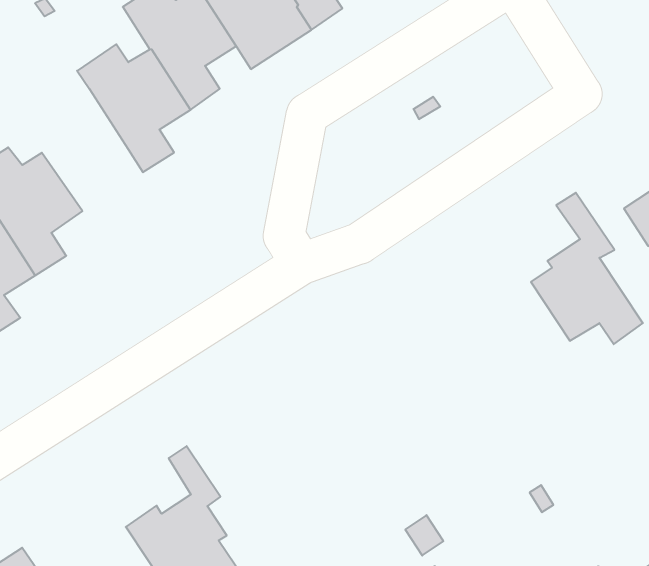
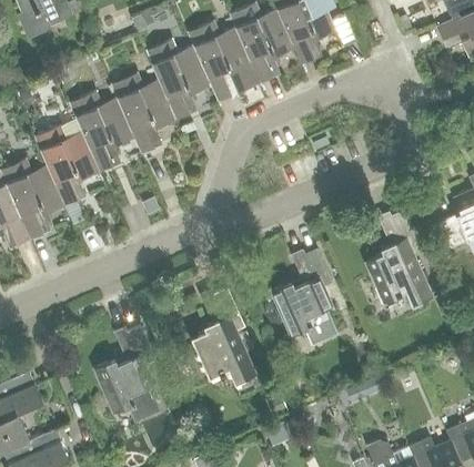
building: none -> [69,91,134,172]
building: none -> [271,248,337,343]
building: none -> [189,288,259,396]

